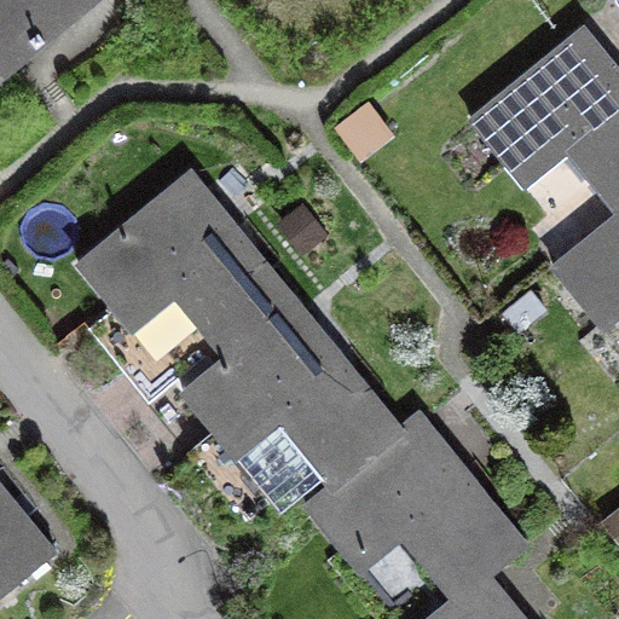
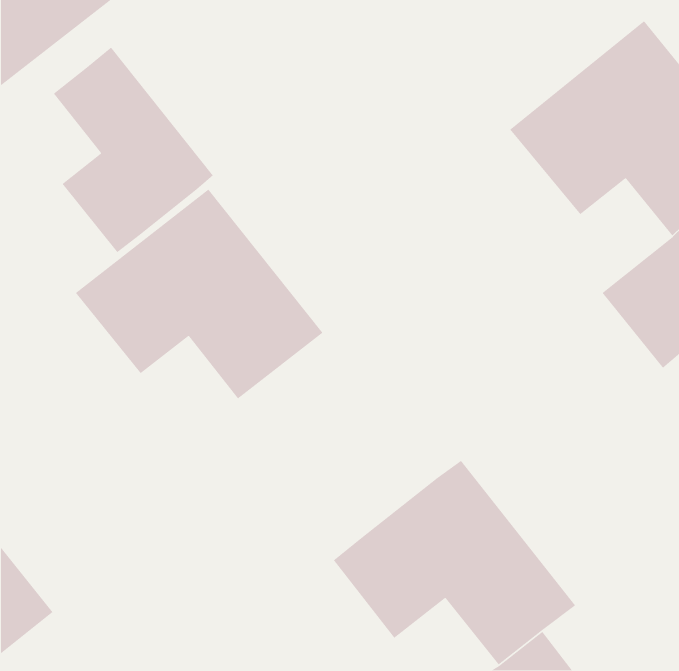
building: none -> [53,46,214,253]
building: [180,301,399,486] -> none

